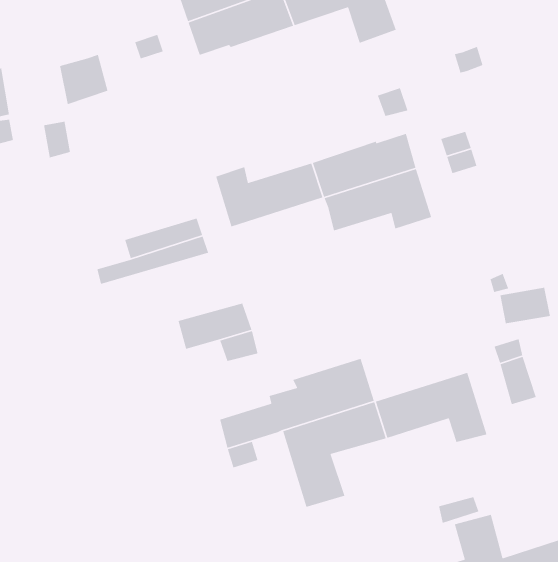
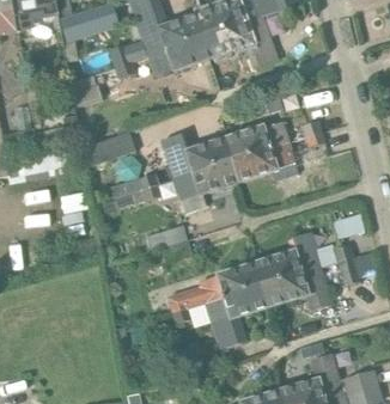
building: none -> [81,130,135,165]
building: none -> [175,160,237,210]
building: none -> [254,229,318,283]

